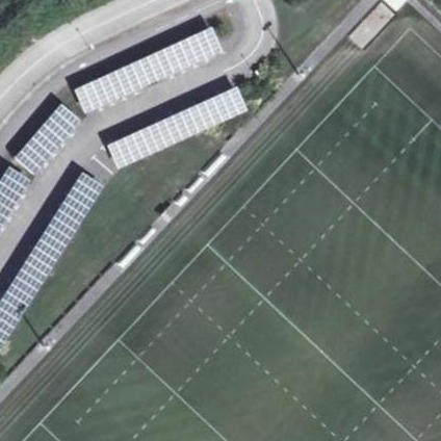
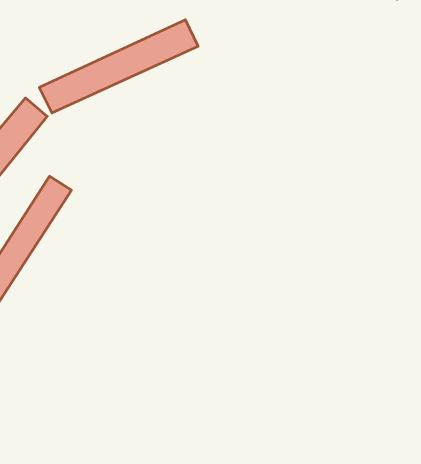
building: [107,86,241,165] -> none

